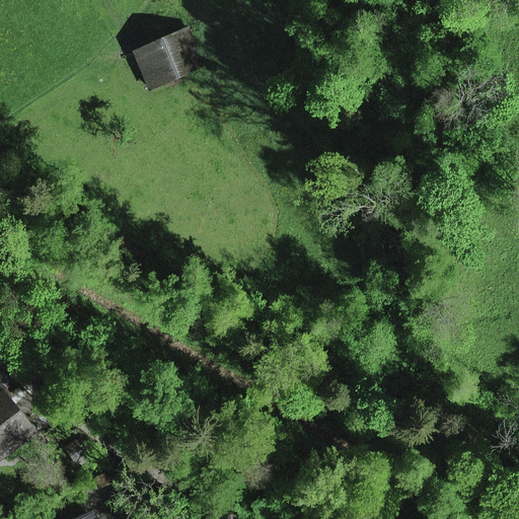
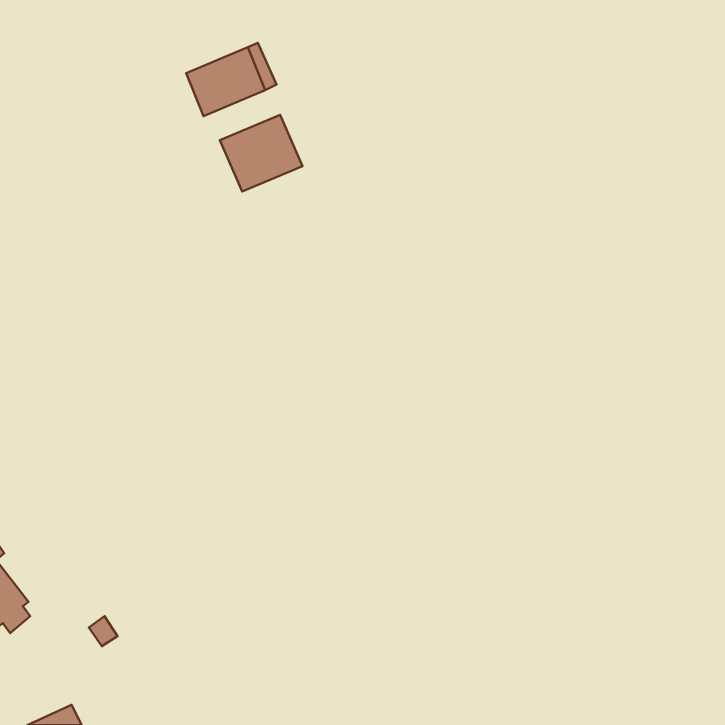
building: none -> [220,115,303,192]

